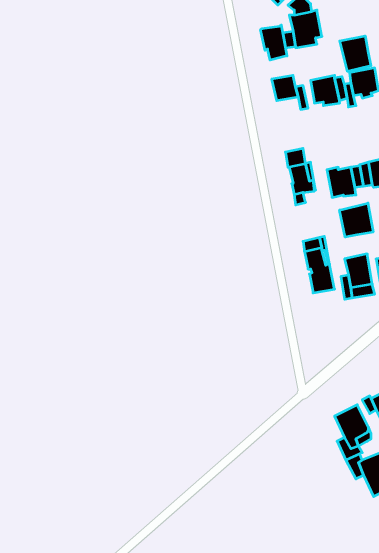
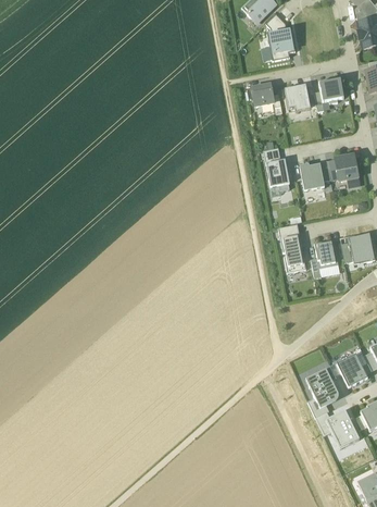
building: [261,25,287,60] -> none
building: [340,36,371,71] -> none
building: [340,203,373,237] -> none

